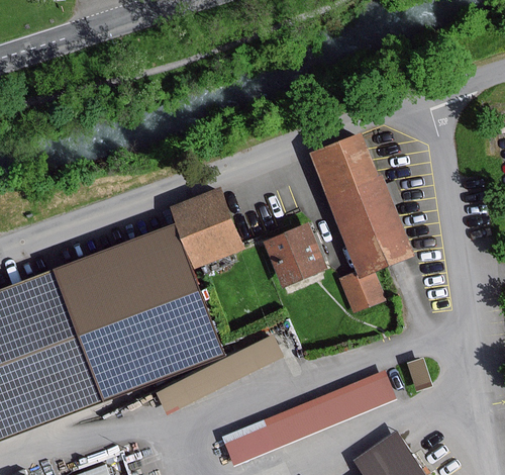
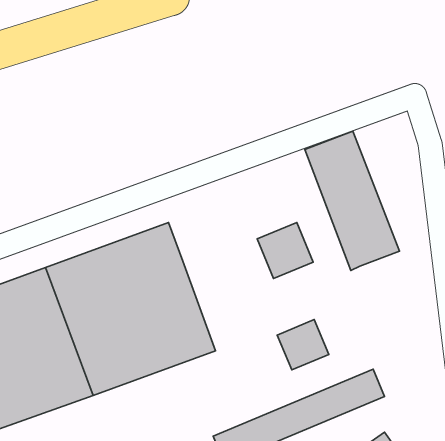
building: [173,192,240,264] -> none
building: [338,269,381,311] -> none
building: none -> [277,319,329,370]

